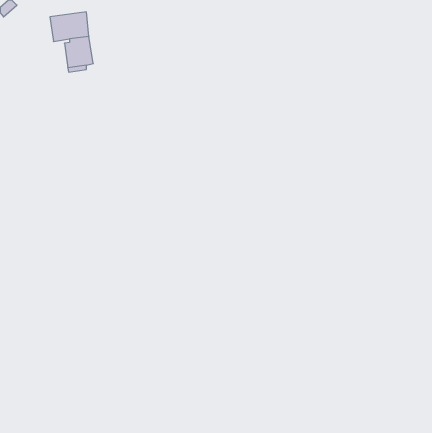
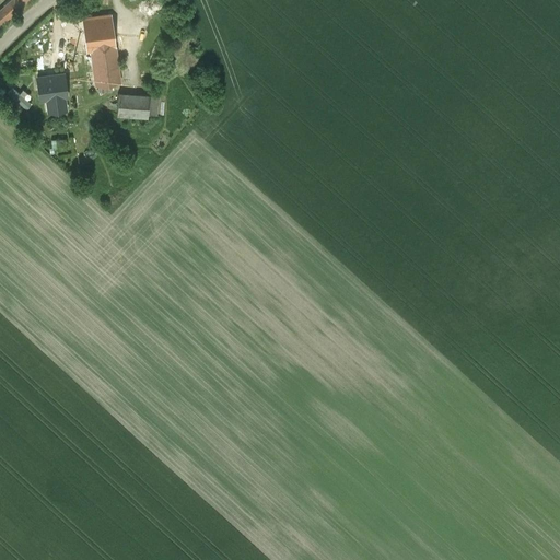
building: none -> [38,74,68,110]
building: none -> [118,94,150,117]

